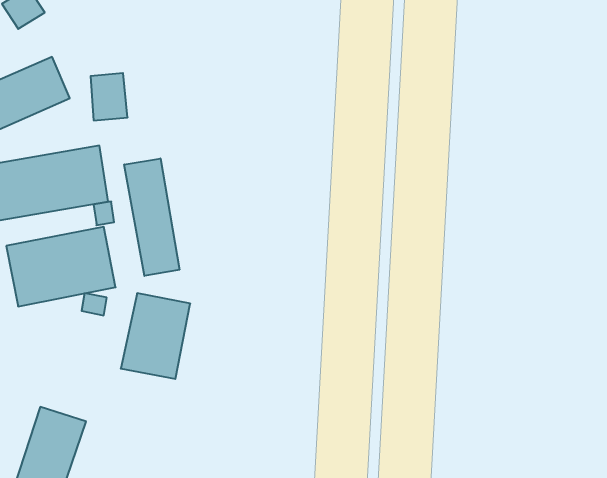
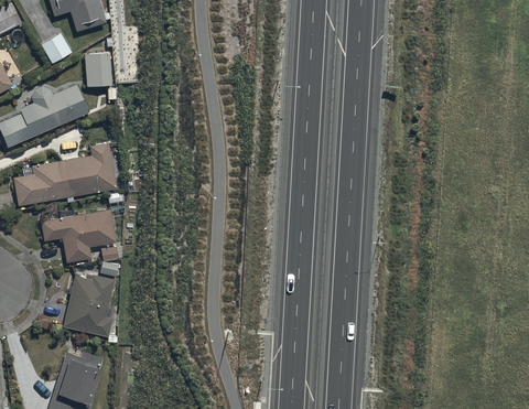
building: [91,73,128,120] -> [83,49,110,84]
building: [124,158,179,276] -> none
building: [121,293,190,379] -> [64,272,116,336]

